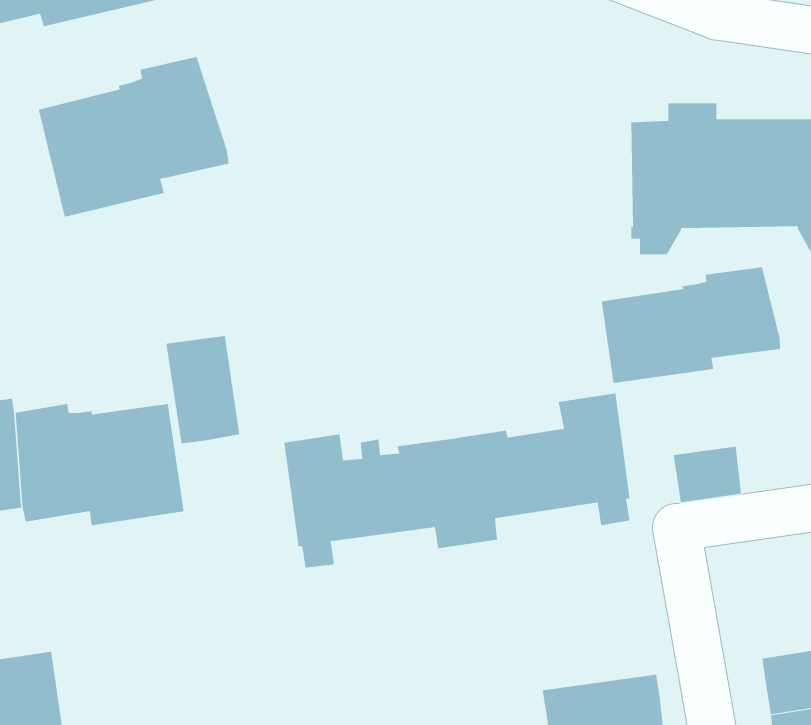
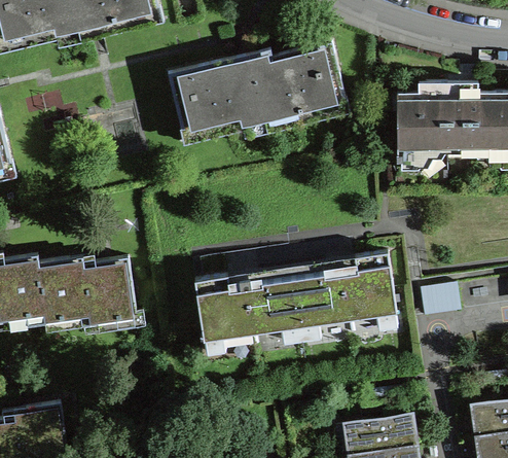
building: none -> [168,42,347,135]
building: [38,56,229,218] -> none
building: [601,267,780,384] -> none
building: [166,335,240,444] -> none

